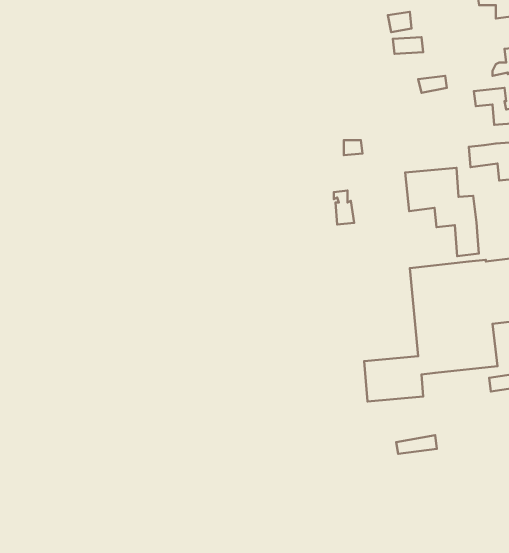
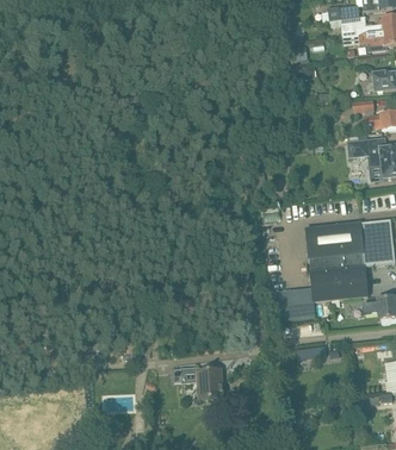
building: [405,168,479,256] -> none
building: none -> [180,367,223,398]

